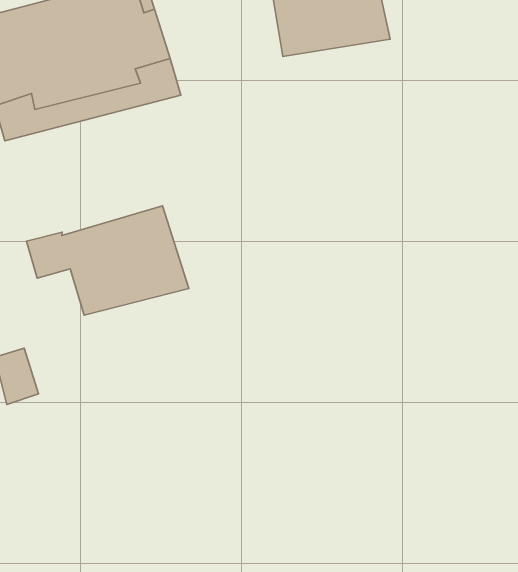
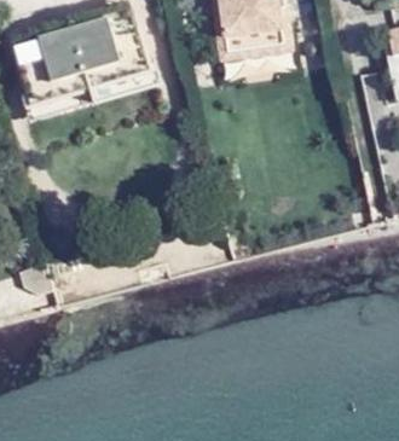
building: [27,206,189,315] -> none

